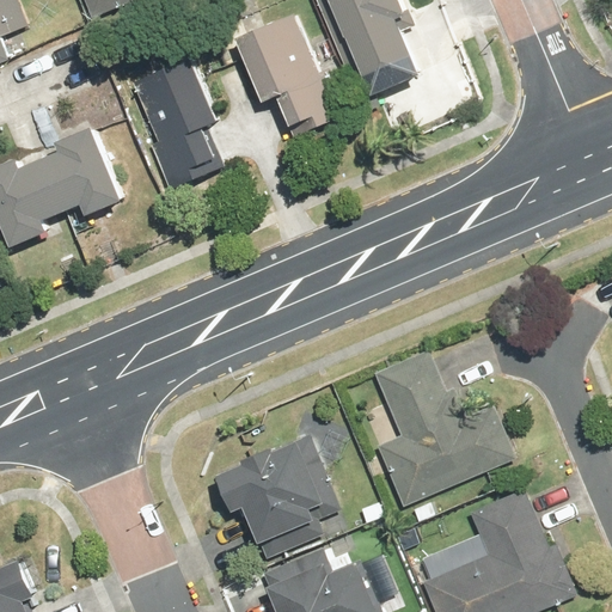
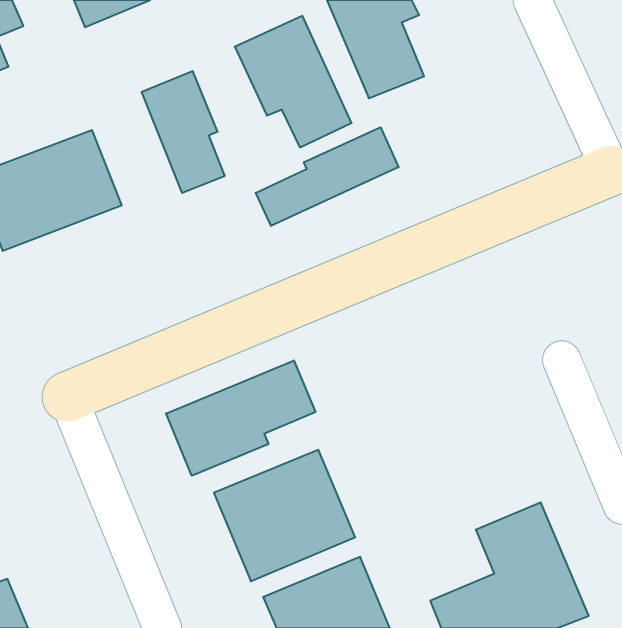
building: none -> [256,127,399,226]
building: [375,348,518,503] -> none
building: none -> [166,360,315,476]

